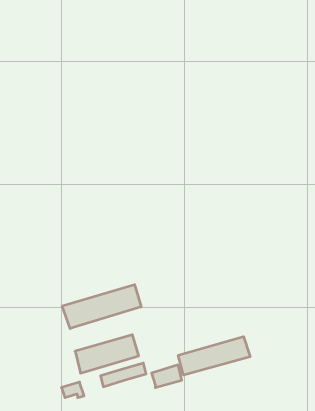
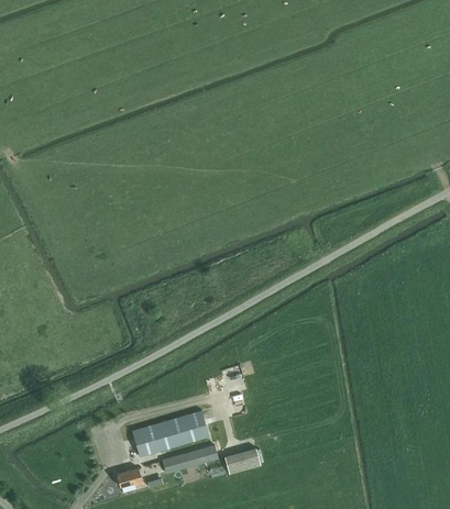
building: [62,285,141,329] -> none
building: [178,337,250,375] -> none

